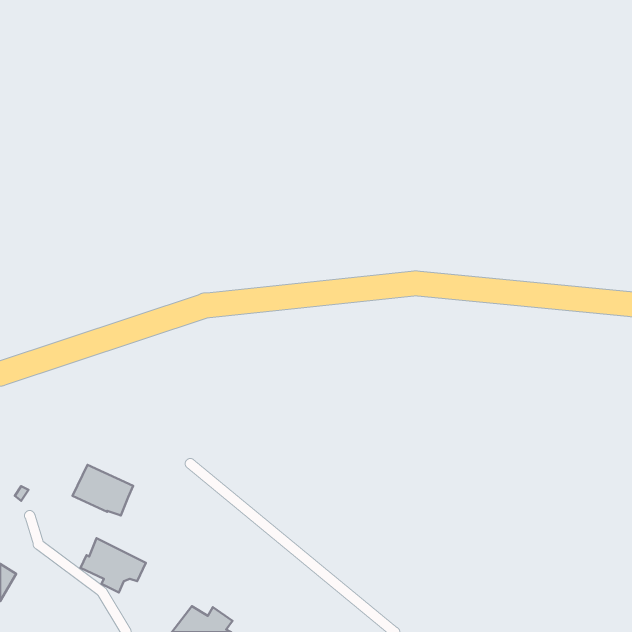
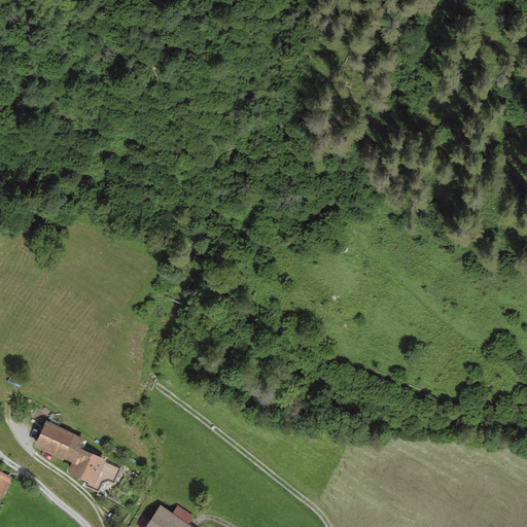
building: [73,465,133,516] -> [34,421,84,463]

